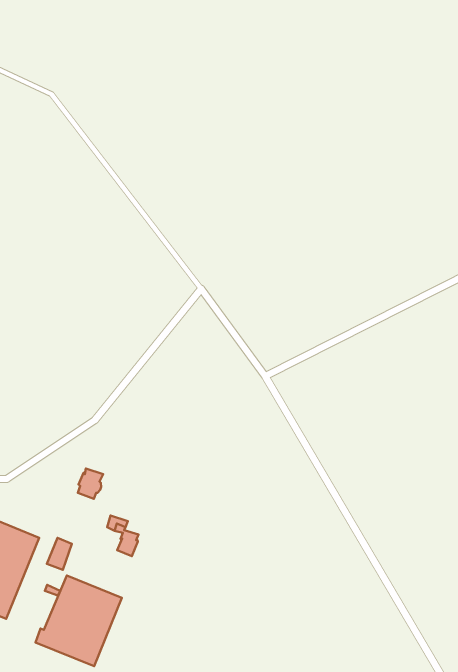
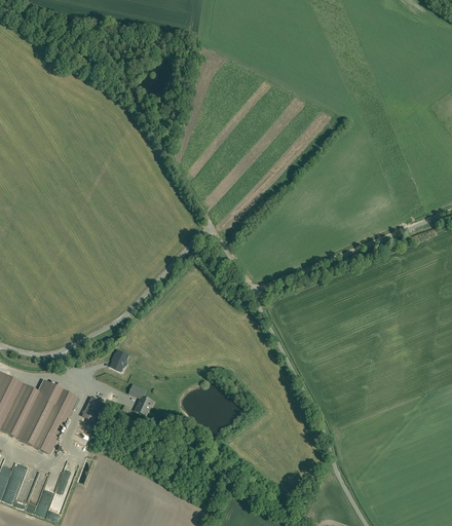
building: [36,575,122,666] -> none

